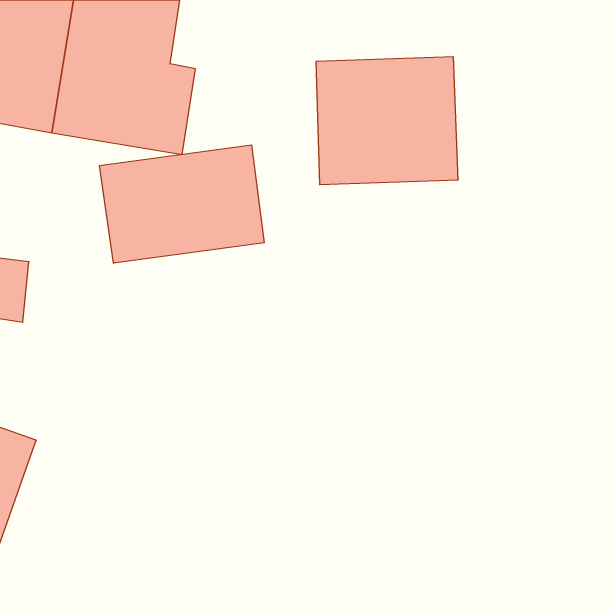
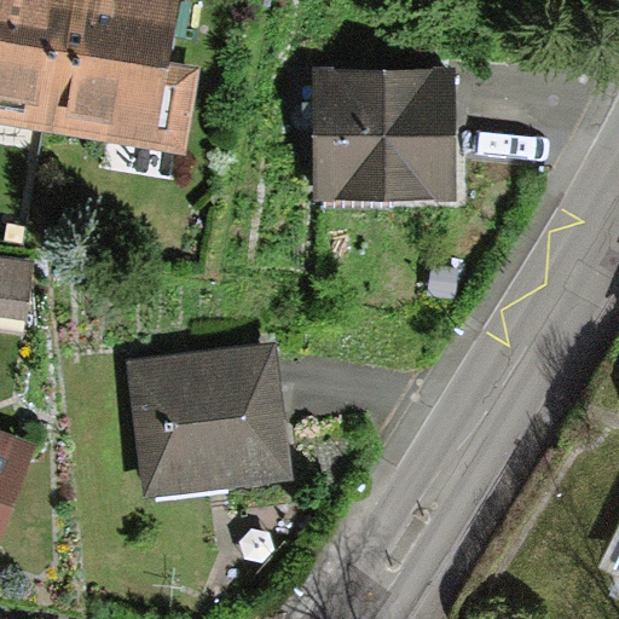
building: [100,145,264,263] -> none
building: none -> [126,343,274,494]

